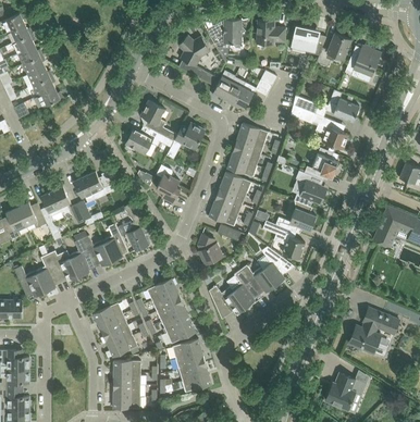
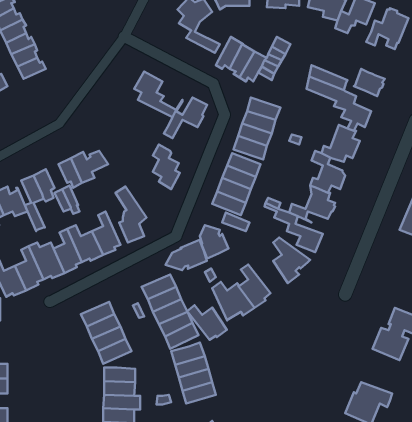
building: [125,127,173,154] -> none
building: none -> [166,240,207,270]
building: [239,264,274,295] -> [187,305,227,340]

